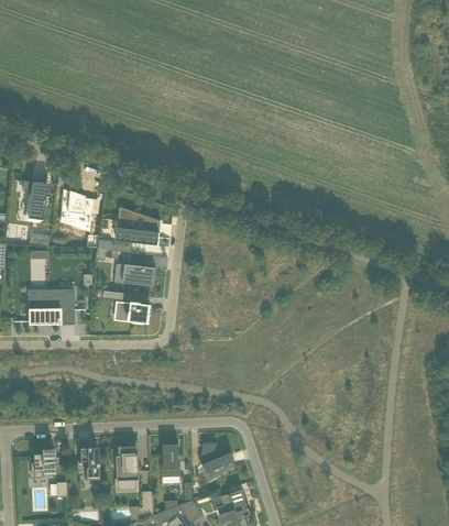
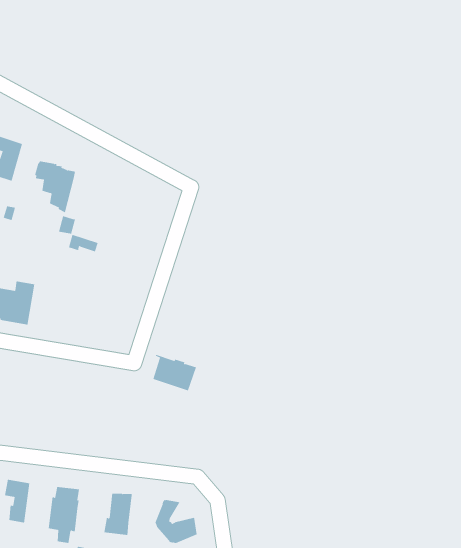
building: [114,210,160,244] -> none
building: [122,263,155,285] -> none
building: [116,299,150,324] -> [153,354,197,391]

